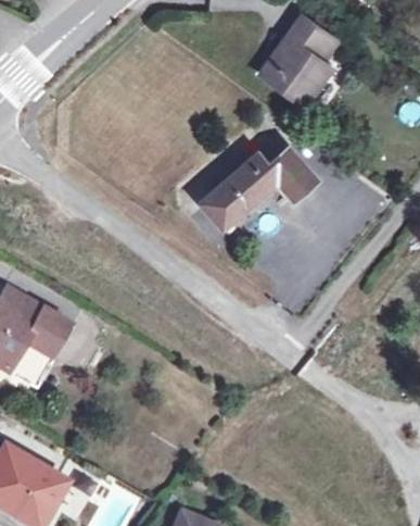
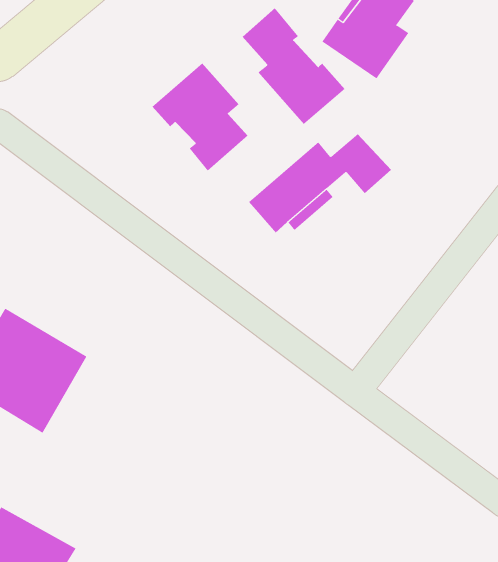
building: none -> [242,7,345,125]
building: none -> [152,63,248,172]

